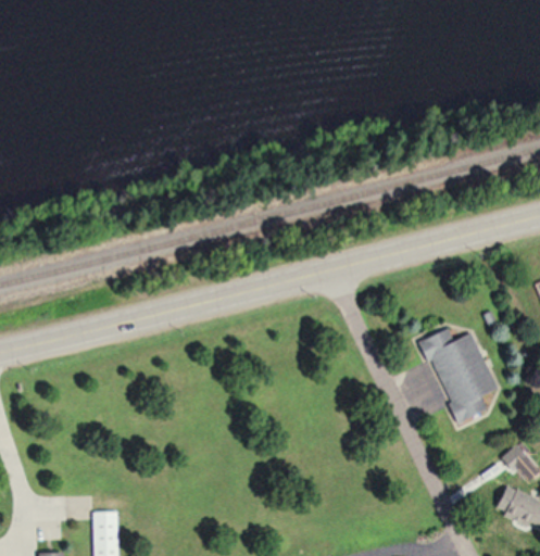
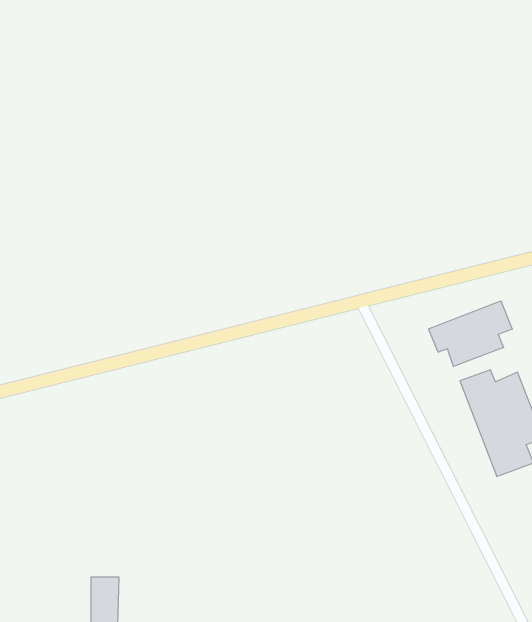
building: none -> [429,301,512,367]

